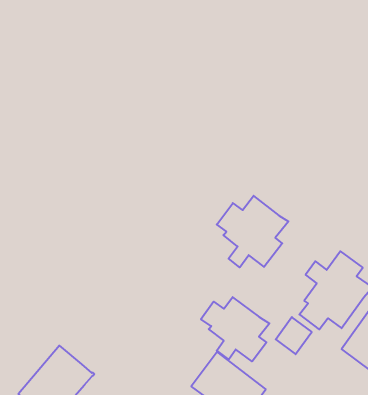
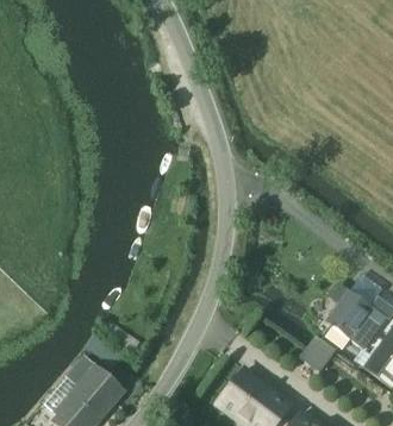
building: [217,196,288,267] -> none
building: [201,297,269,361] -> none

